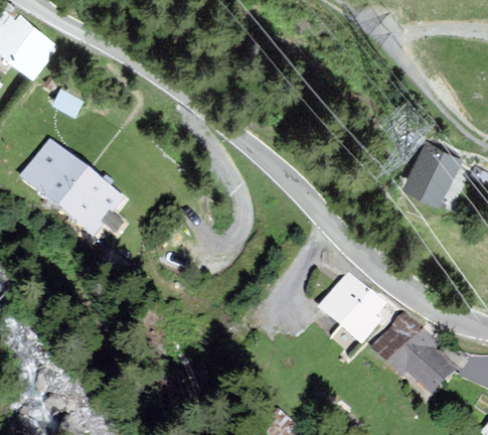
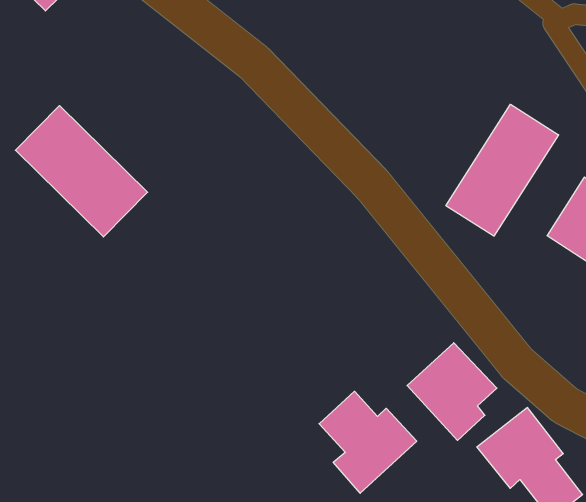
building: none -> [446,104,559,236]
building: none -> [319,391,417,493]

